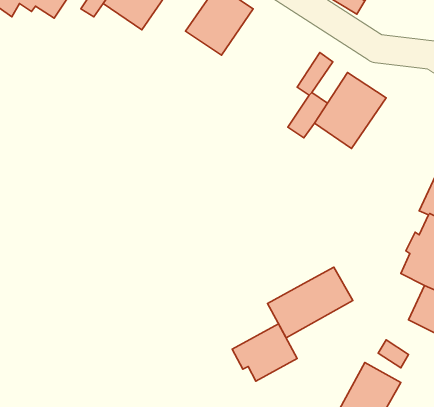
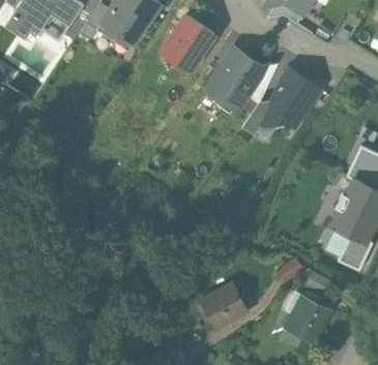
building: none -> [208,40,265,103]
building: [267,267,353,338] -> none

